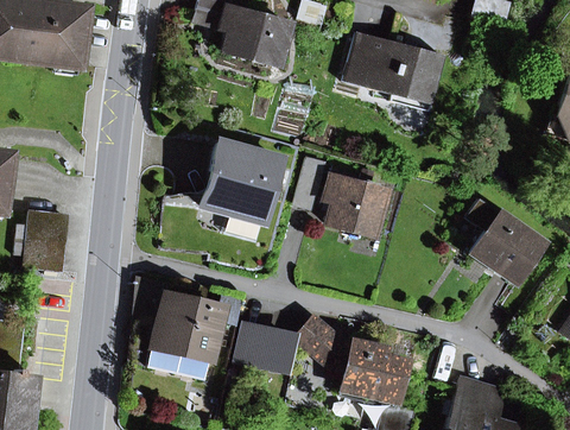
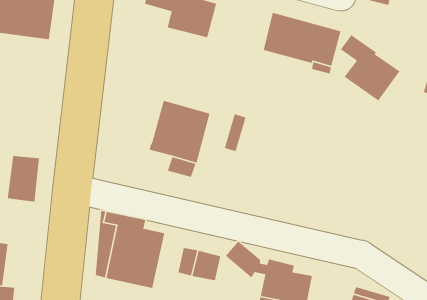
building: [328,177,387,235] -> none
building: [468,198,544,283] -> [340,34,400,102]

